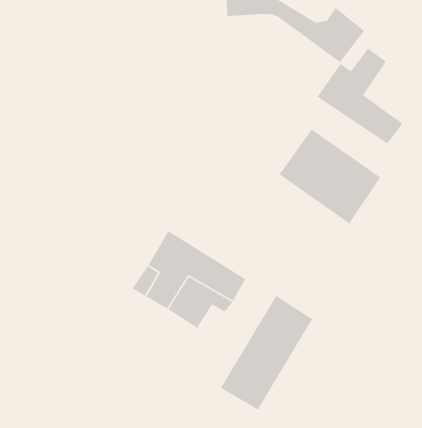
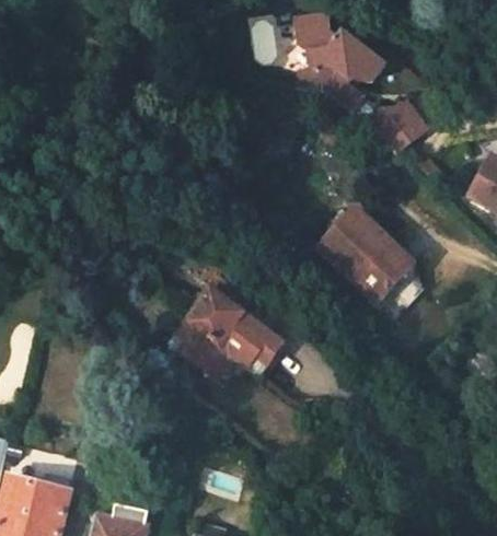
building: [316,48,403,145] -> none
building: [220,295,313,411] -> none

